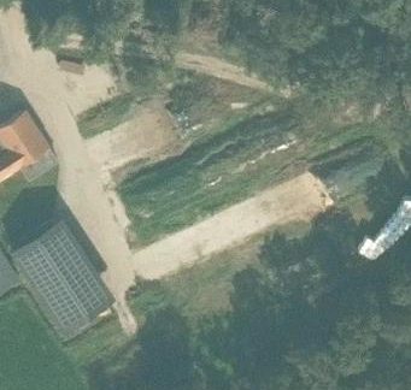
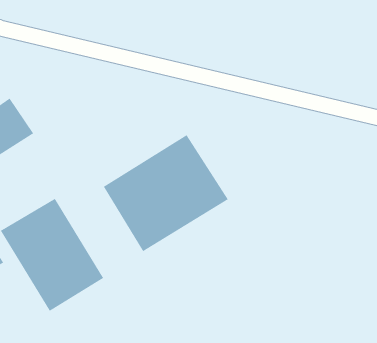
building: none -> [103,134,229,252]

